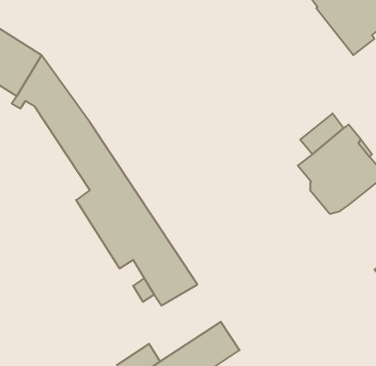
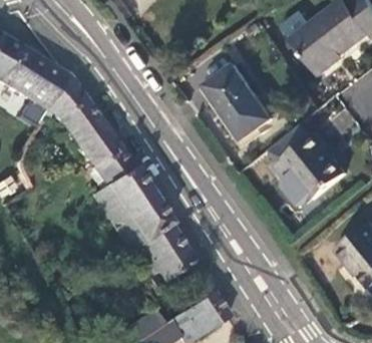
building: none -> [207,62,274,132]

